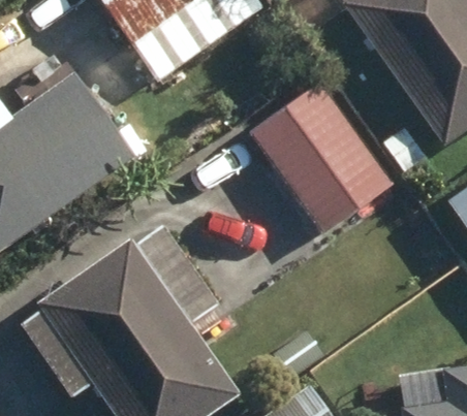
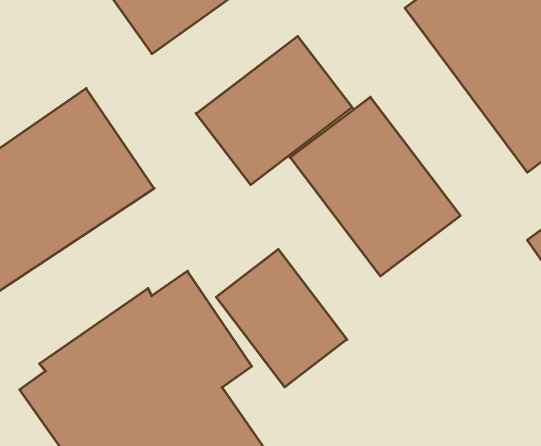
building: none -> [196,36,352,185]
building: none -> [216,249,347,387]

